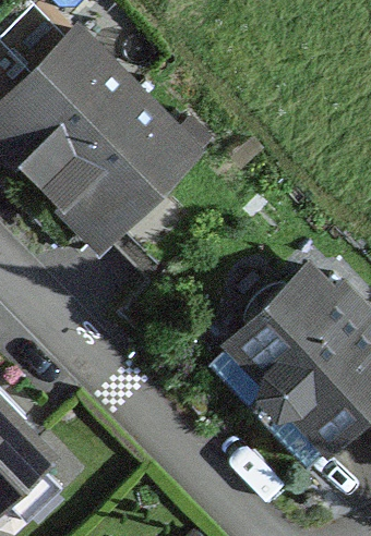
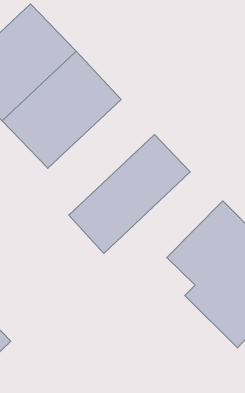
building: none -> [69,135,190,253]

